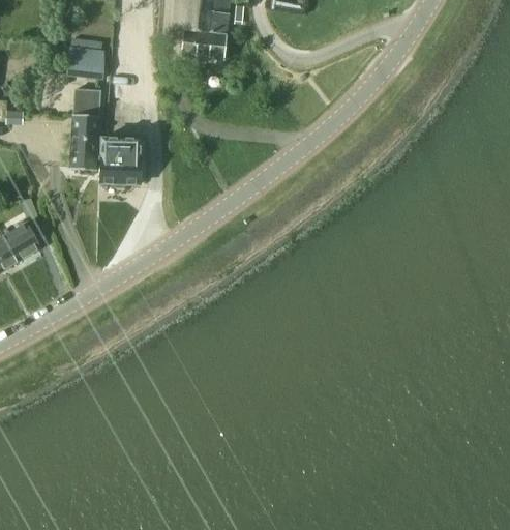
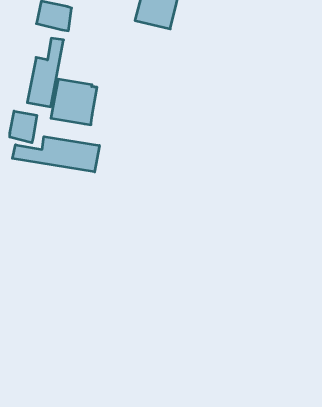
building: none -> [10,111,37,143]
building: none -> [12,137,99,172]

